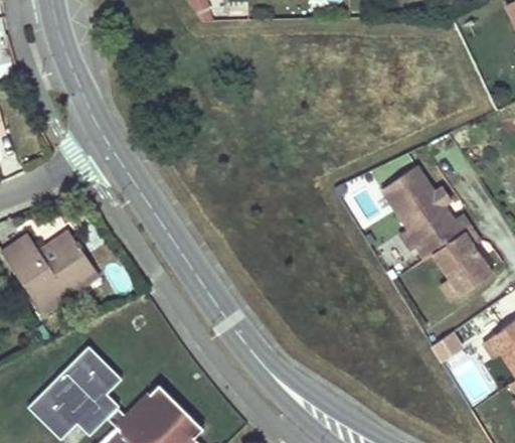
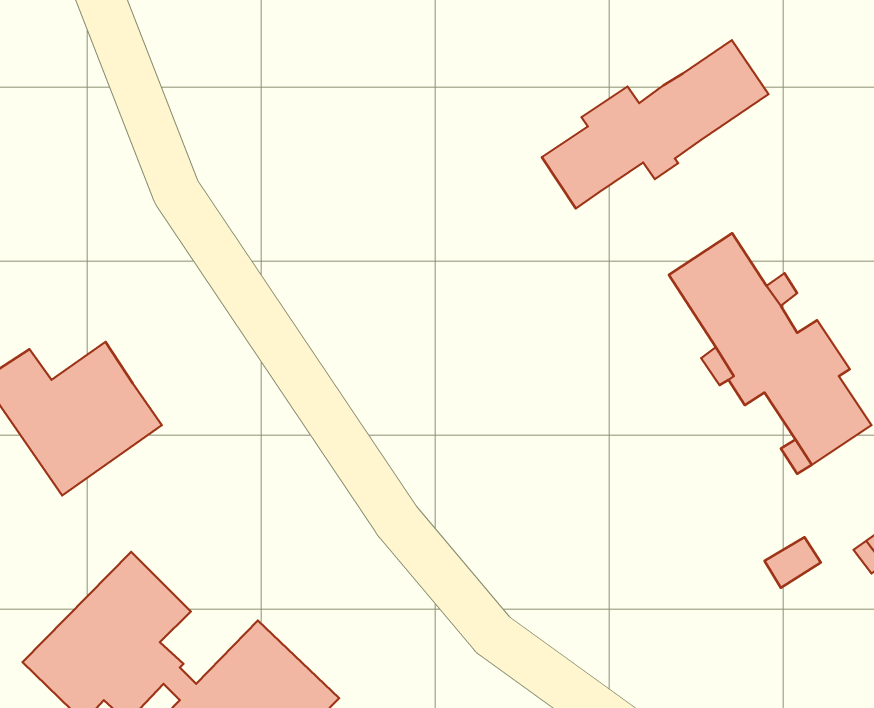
building: none -> [542,40,768,208]

